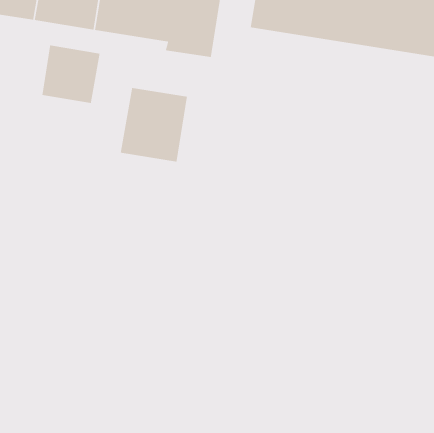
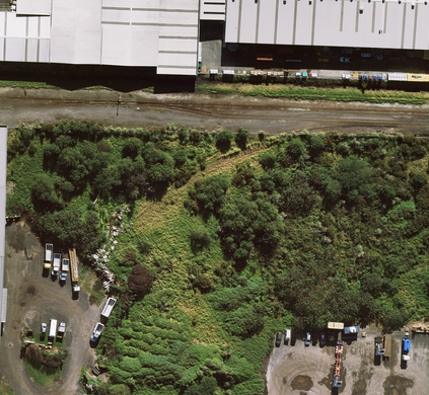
building: [41,45,101,104] -> none
building: [120,87,188,162] -> none

